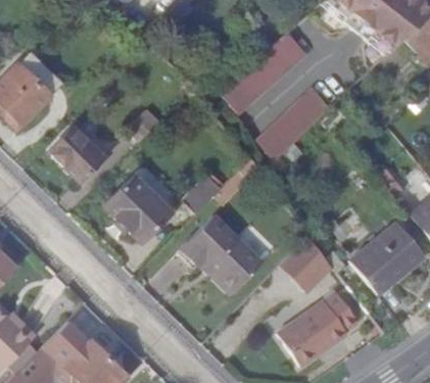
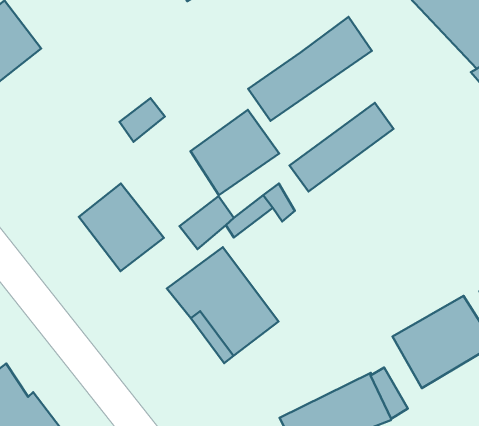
building: none -> [190,110,279,195]
building: [53,127,105,179] -> none
building: [284,234,337,291] -> none

